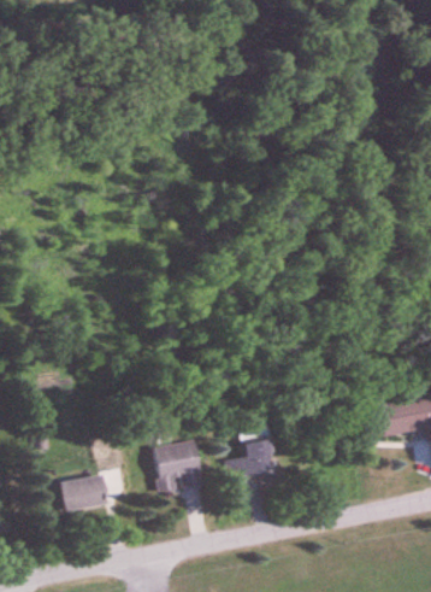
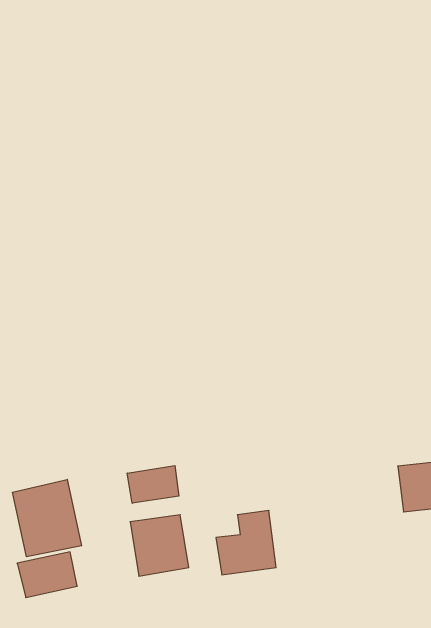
building: none -> [127,466,179,503]
building: none -> [13,479,82,557]

